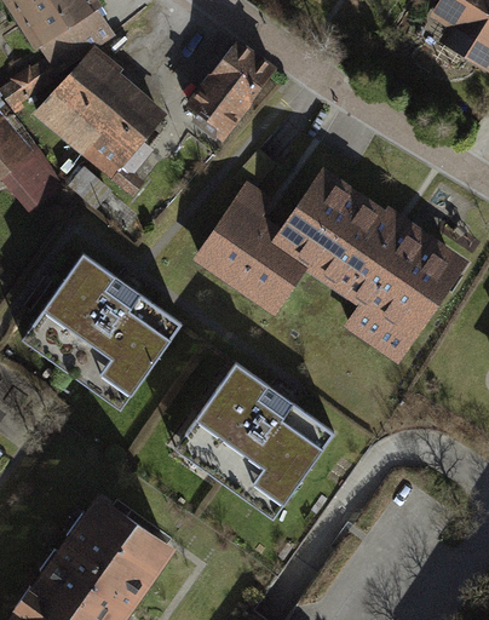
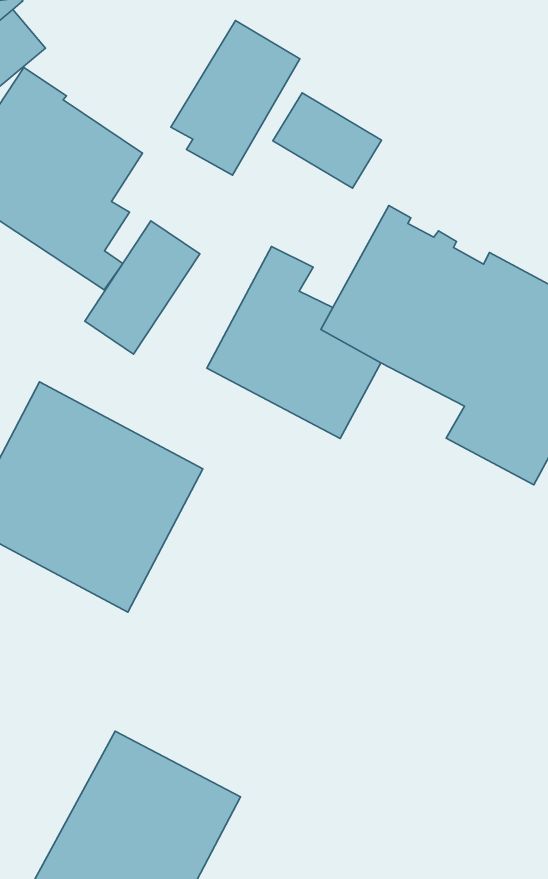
building: none -> [273,93,382,188]
building: none -> [85,221,200,354]
building: [177,366,333,518] -> none

